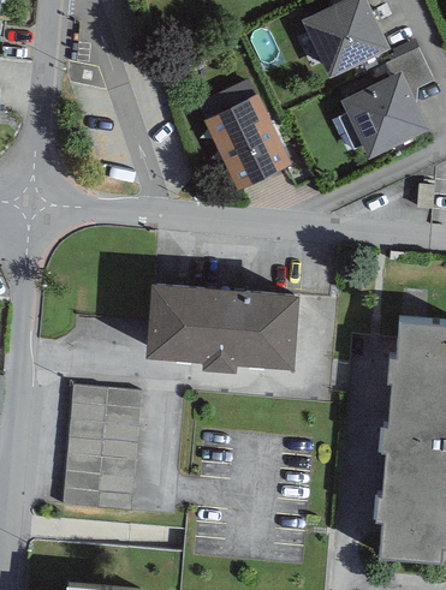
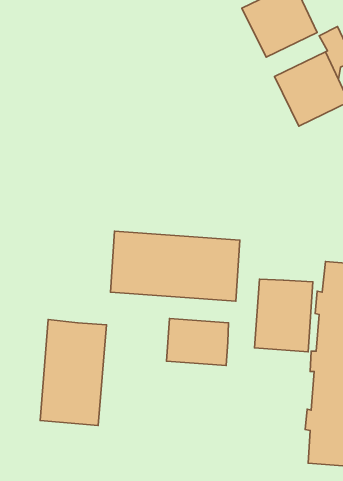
building: [203,95,290,190] -> none
building: none -> [255,279,313,352]
building: none -> [166,319,228,365]

